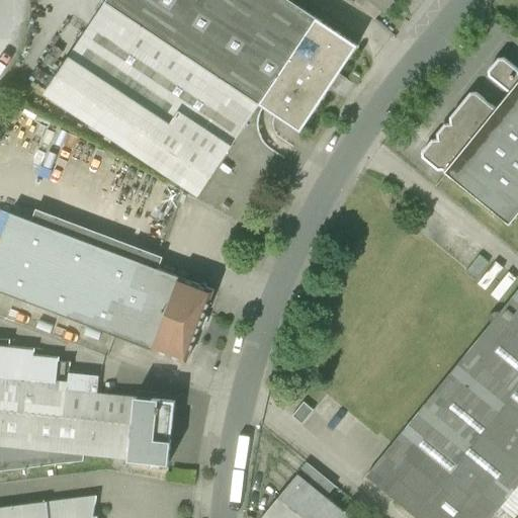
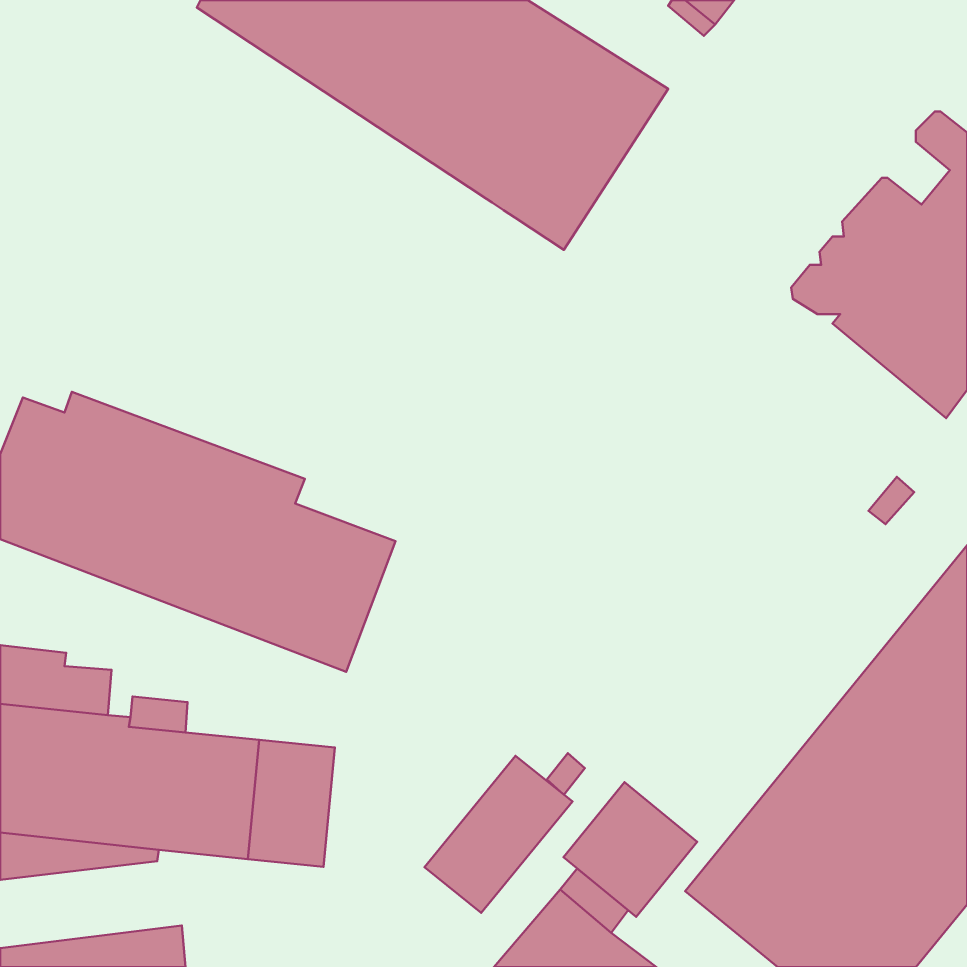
building: [44,4,260,199] -> none
building: none -> [425,756,572,913]
building: none -> [563,782,697,917]

